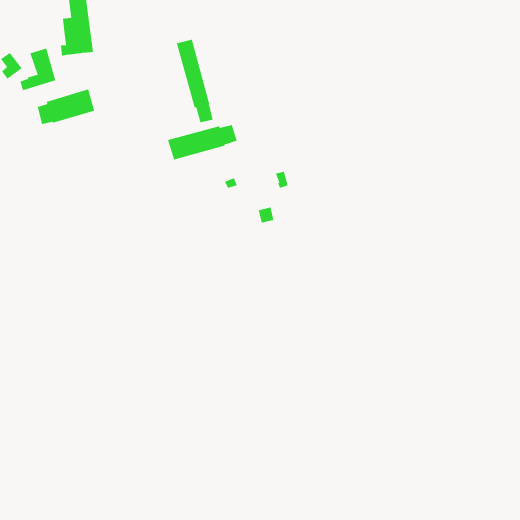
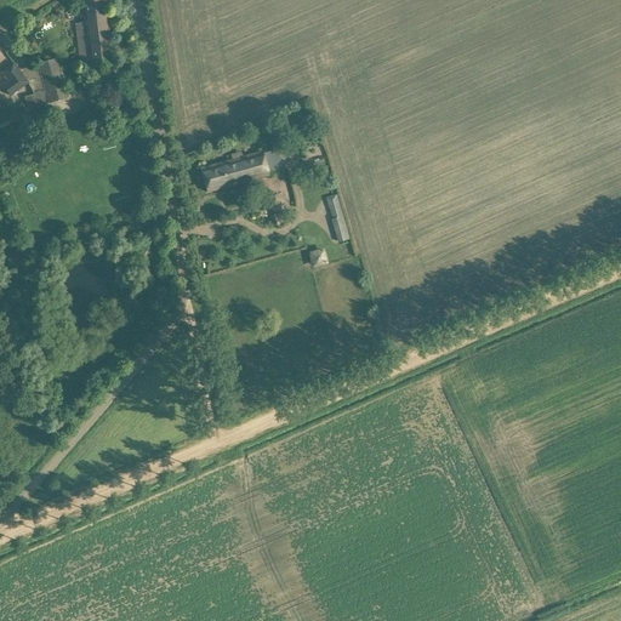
building: [176,39,213,123] -> none
building: [37,89,95,125] -> none

